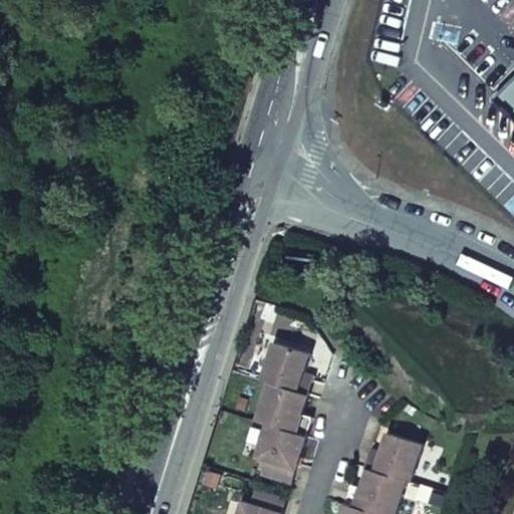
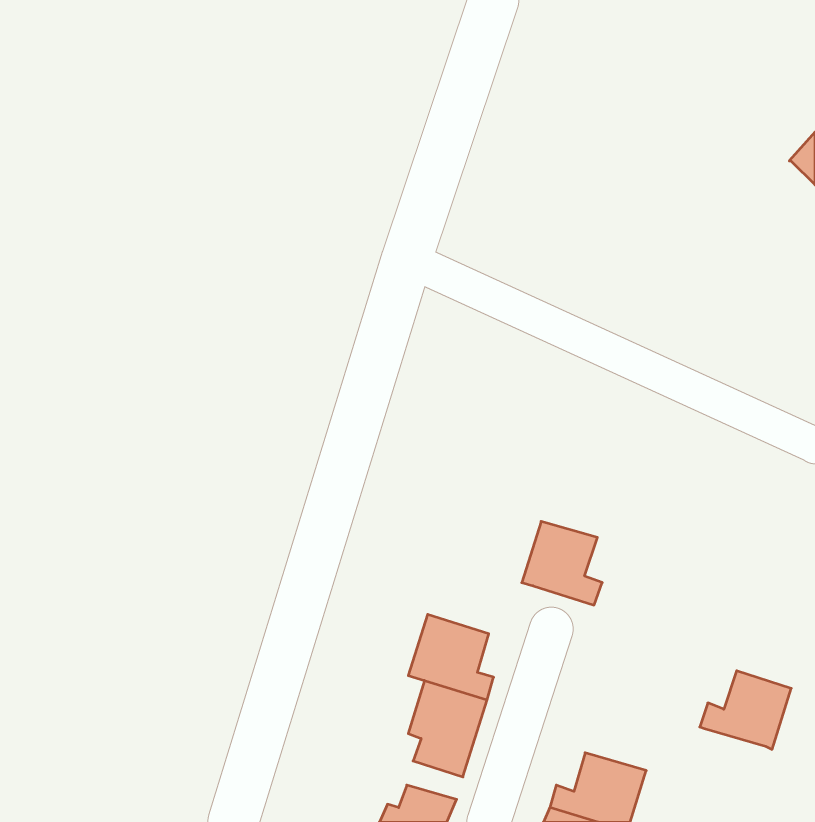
building: [260,343,310,396] -> [522,521,602,605]
building: [362,434,420,483] -> [700,671,791,749]

